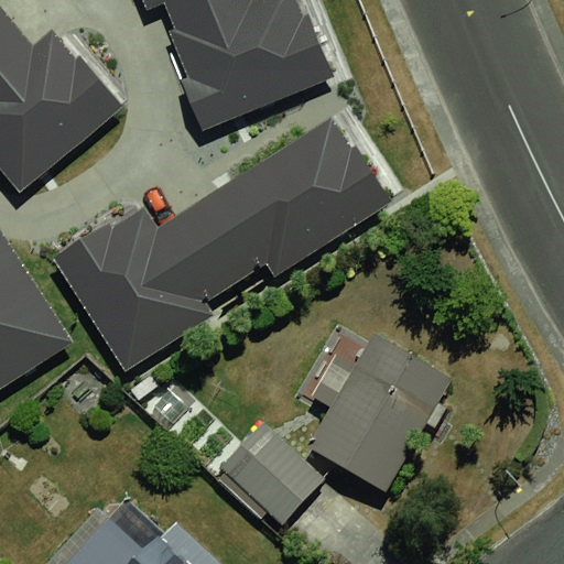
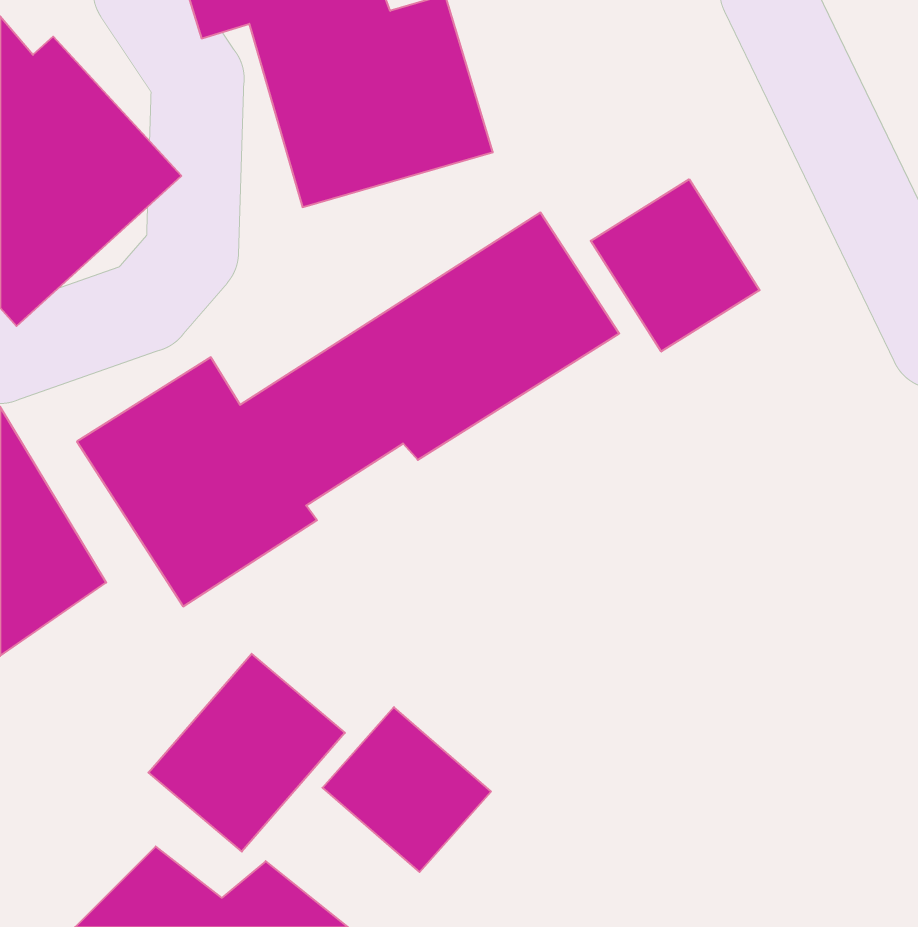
building: none -> [591,179,760,352]
building: [304,326,455,486] -> none
building: none -> [148,654,345,852]

